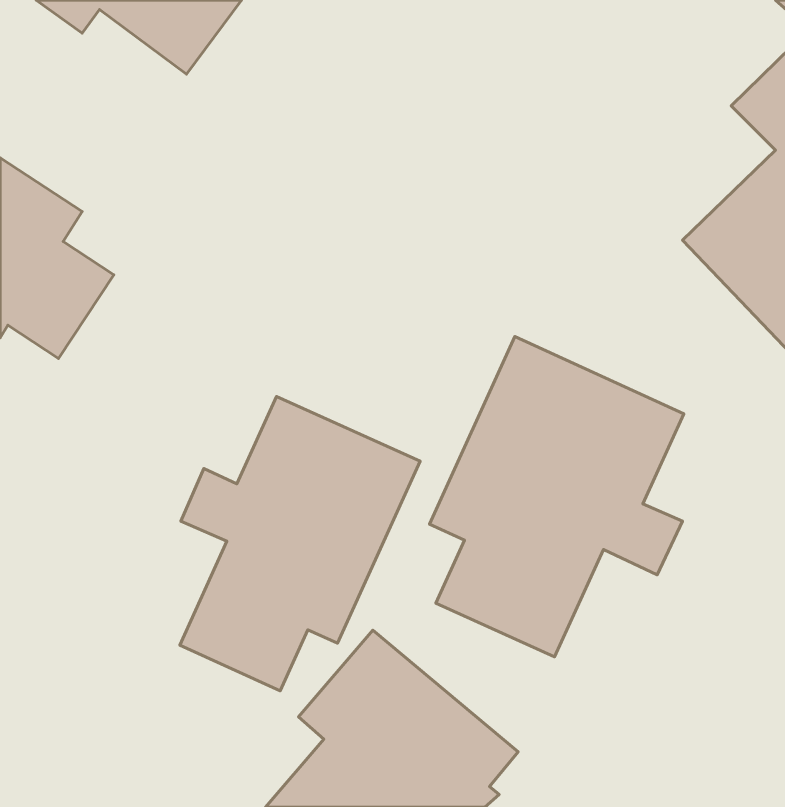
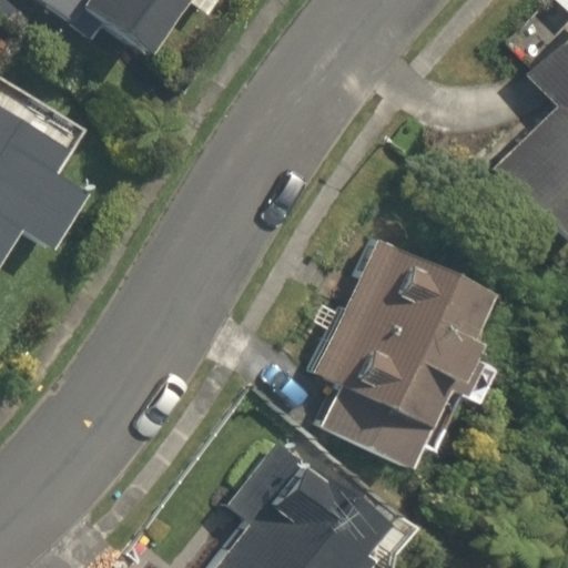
building: [180,397,420,691] -> none

